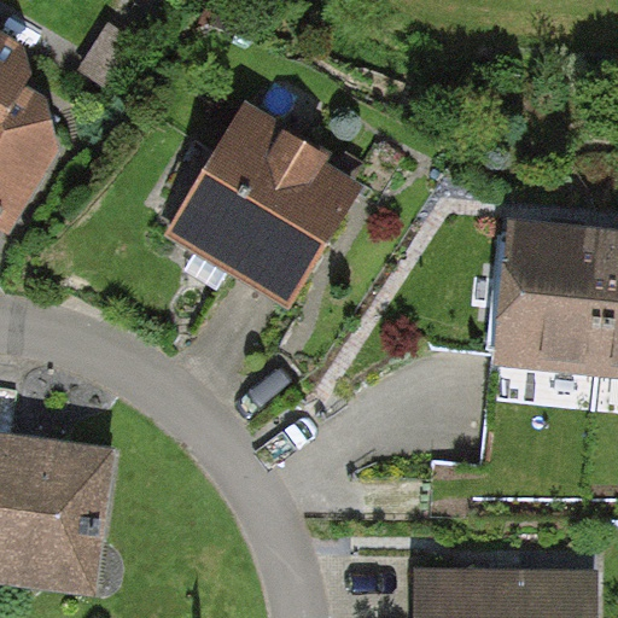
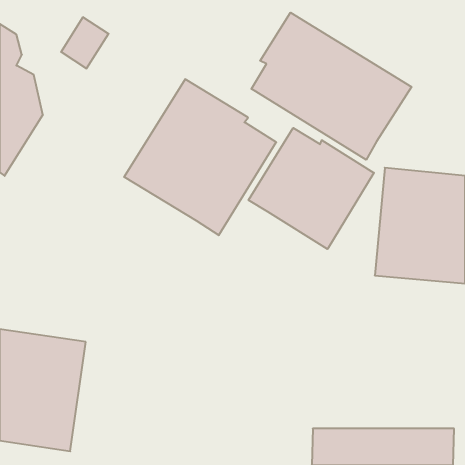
building: none -> [251,13,411,160]
building: none -> [249,128,374,249]

